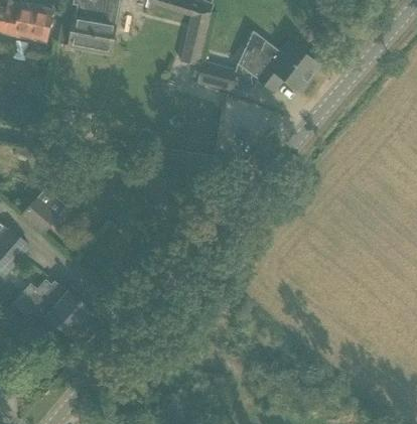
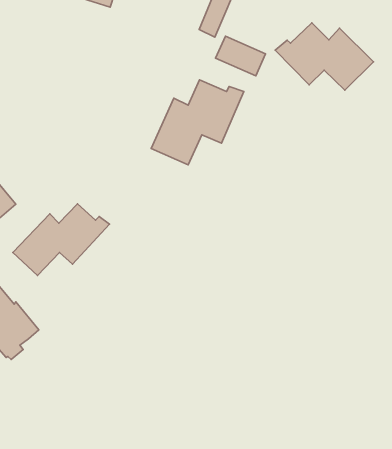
building: none -> [151,80,244,165]
building: none -> [13,204,110,275]

